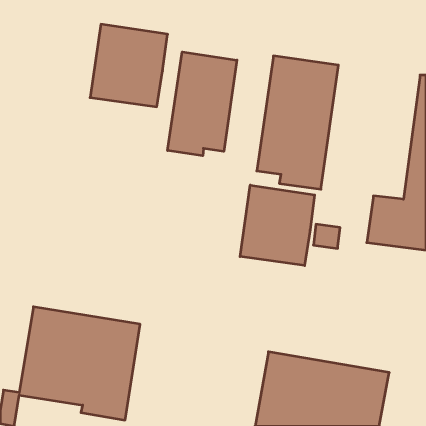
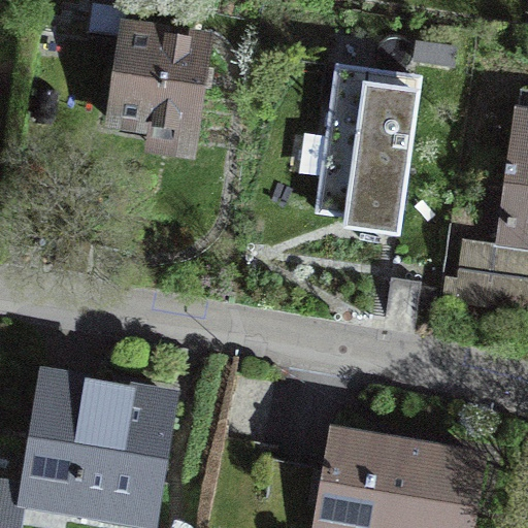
building: [168,52,237,156] -> none
building: [240,185,315,266] -> none

